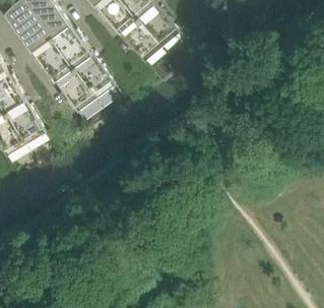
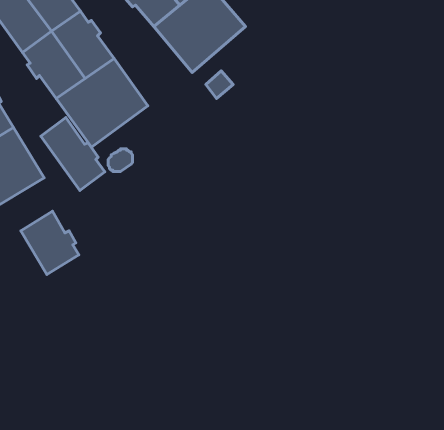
building: none -> [41,117,105,190]
building: none -> [21,211,79,275]

